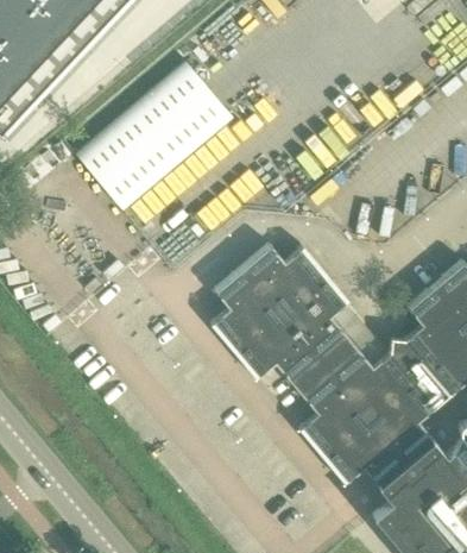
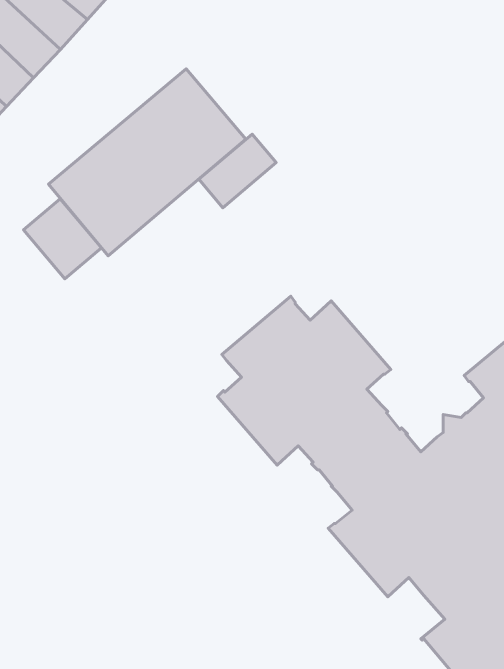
building: none -> [199,134,276,208]
building: none -> [23,199,102,279]

